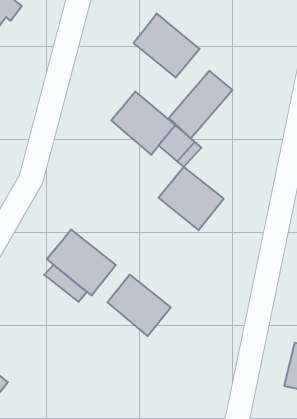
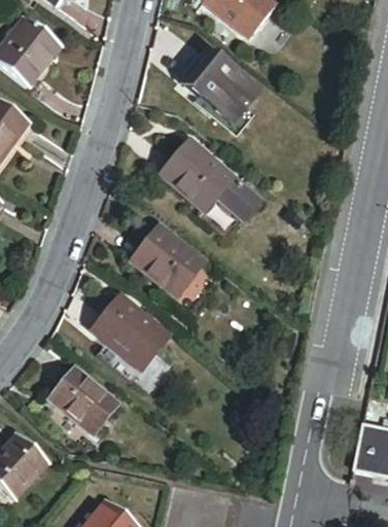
building: [169,71,232,138] -> none
building: [159,167,224,230] -> [131,223,203,293]
building: [107,275,171,336] -> [49,366,119,434]

